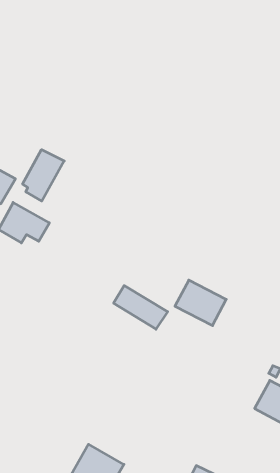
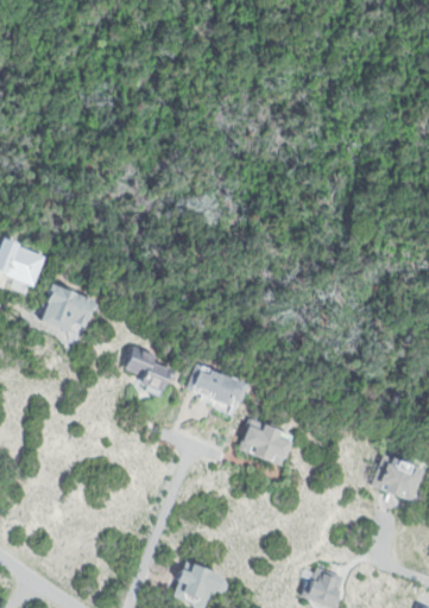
building: [23,150,64,201] -> none
building: none -> [128,346,177,398]
building: [175,280,226,326] -> [238,418,297,468]

